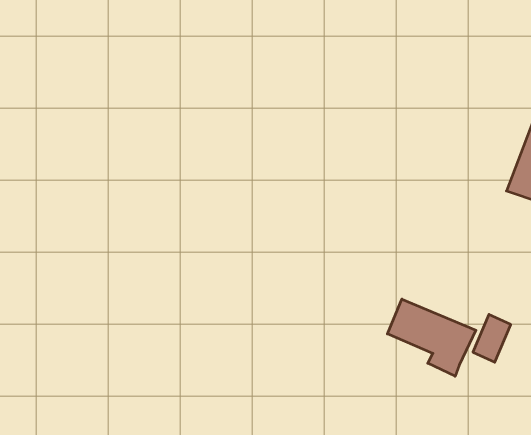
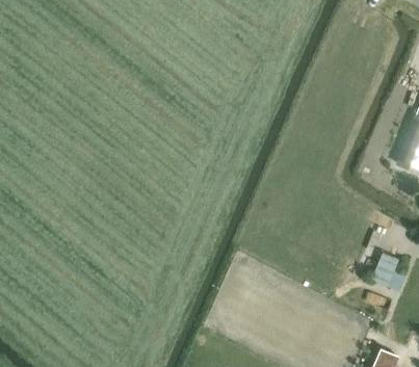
building: [387,299,476,376] -> none

